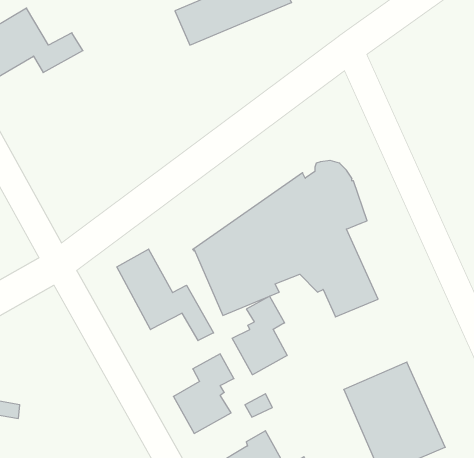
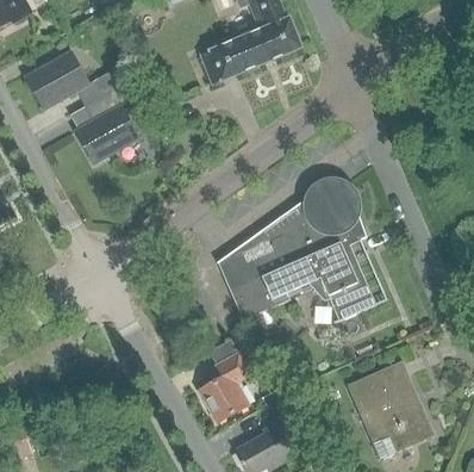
building: none -> [75,88,146,164]
building: [117,249,214,341] -> none
building: [232,296,287,375] -> none

